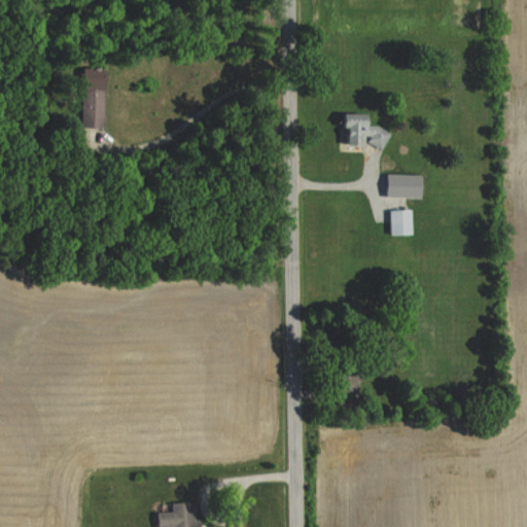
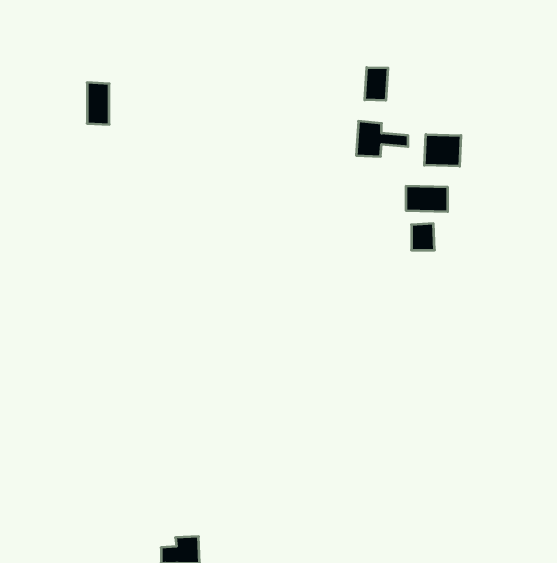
building: none -> [365,67,388,100]
building: none -> [424,134,461,166]

